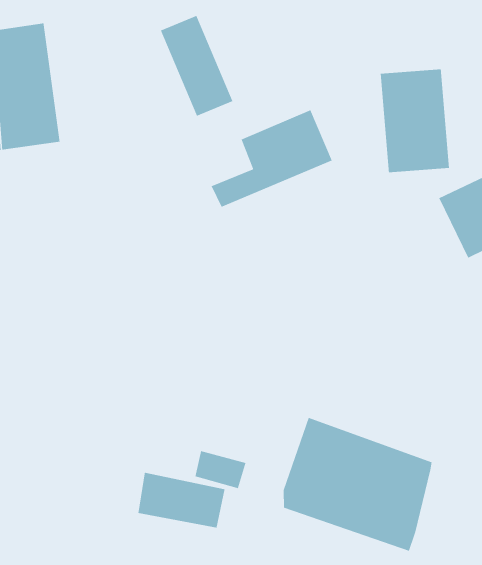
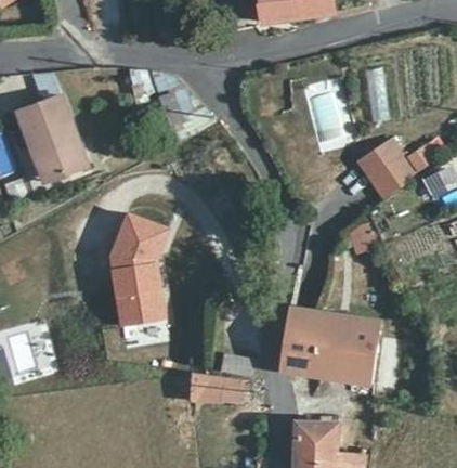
building: [211,109,333,208] -> none
building: none -> [108,217,165,326]

